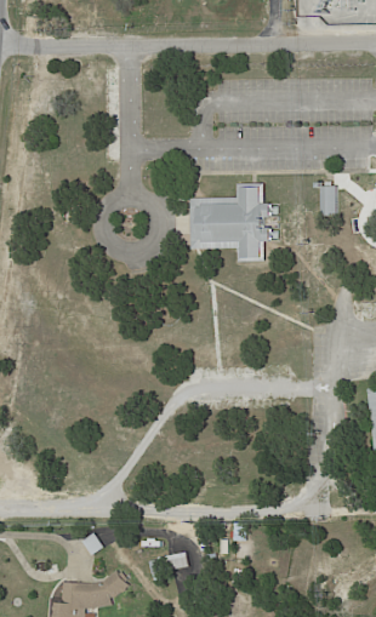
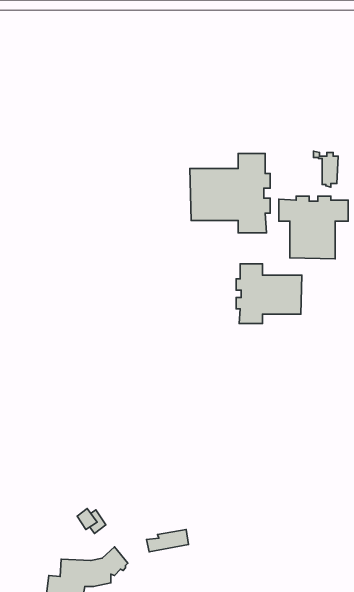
building: none -> [279,196,348,259]
building: none -> [236,264,302,324]

